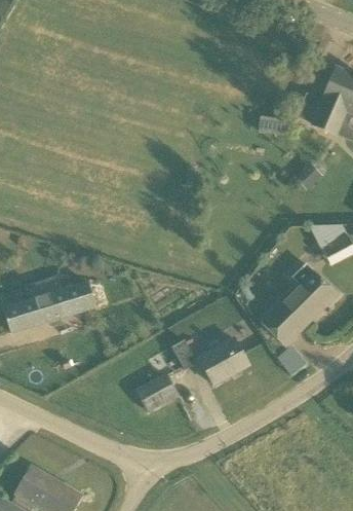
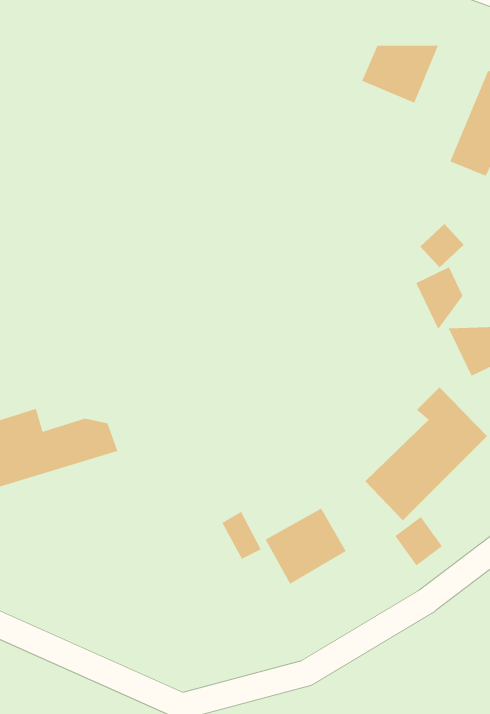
building: none -> [361,45,439,103]
building: none -> [415,266,463,330]
building: [135,373,176,410] -> none

